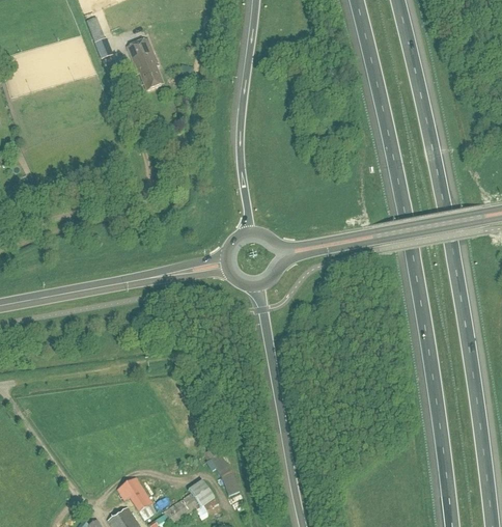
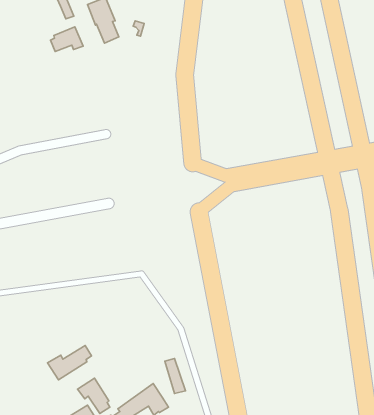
building: none -> [50,27,83,51]
building: none -> [47,346,92,380]

